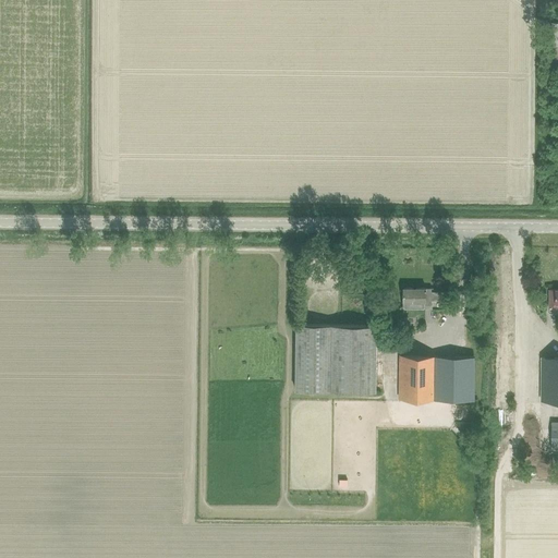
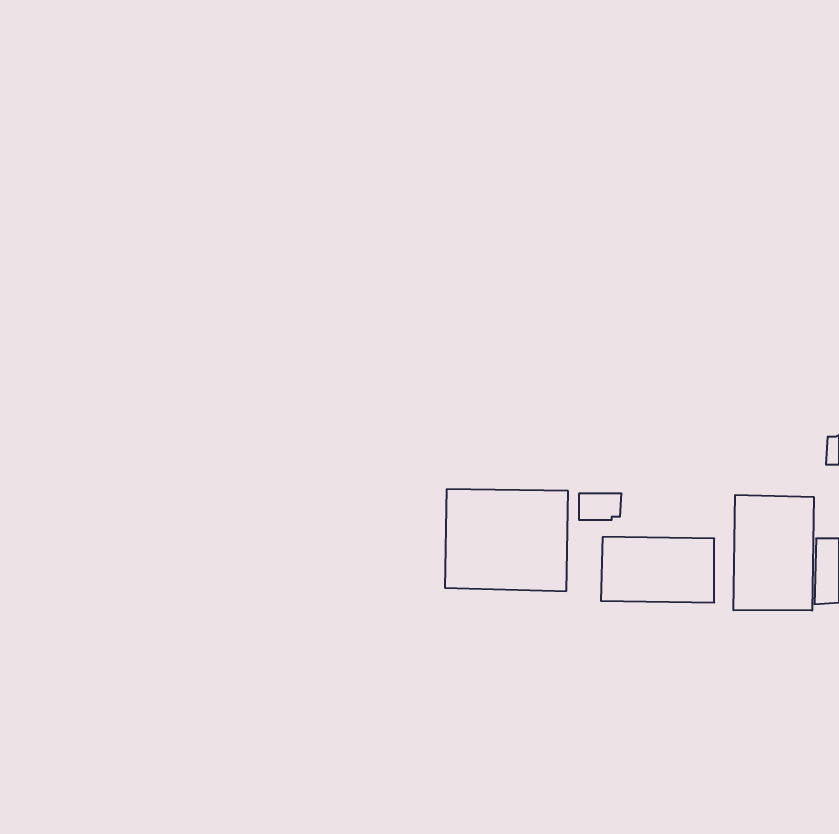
building: [403,291,432,308] -> [579,494,622,520]
building: none -> [734,495,814,611]

